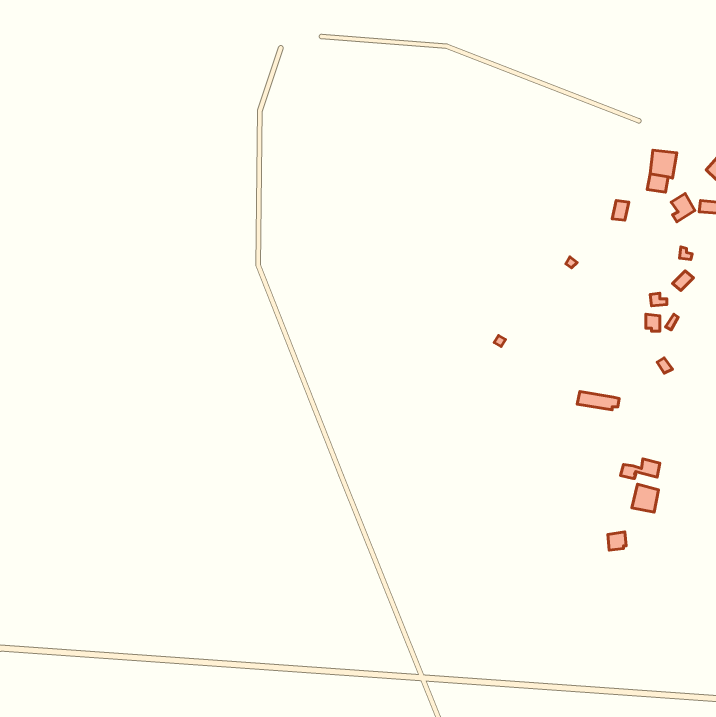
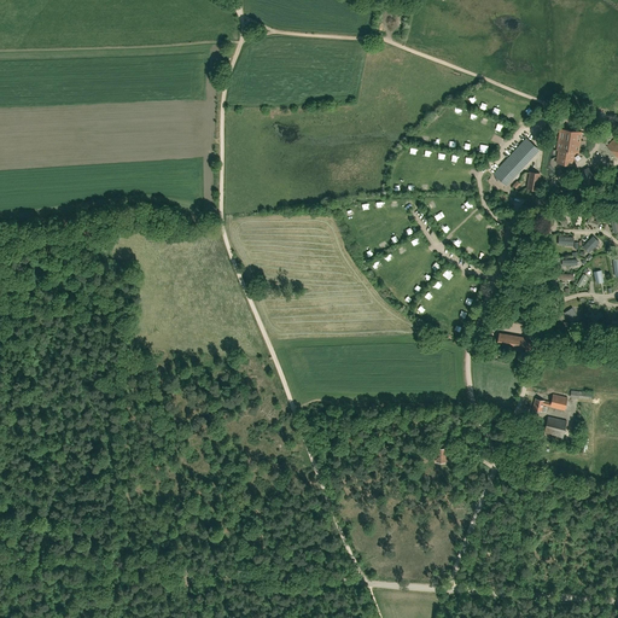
building: none -> [495,138,537,186]

